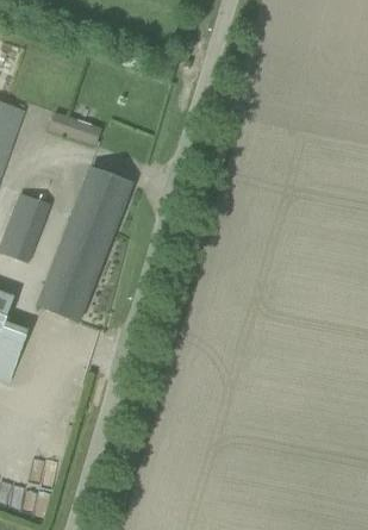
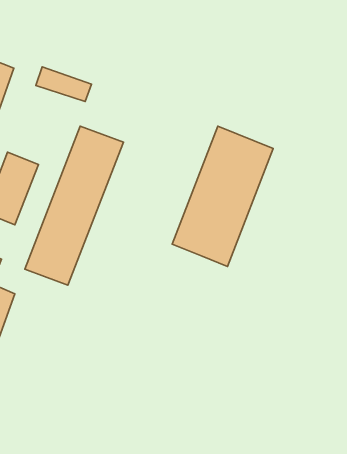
building: none -> [172,126,273,266]

